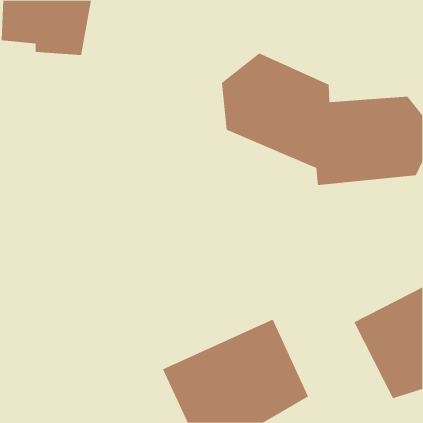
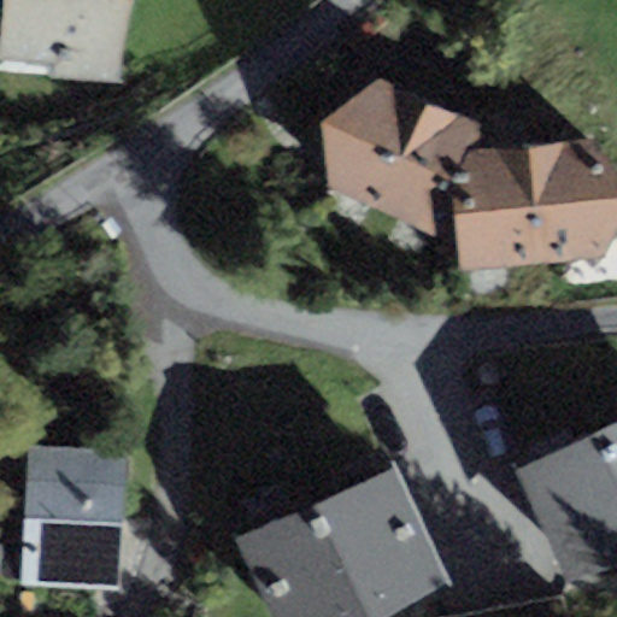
building: none -> [23,445,127,590]

